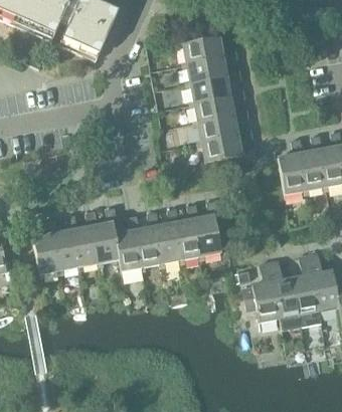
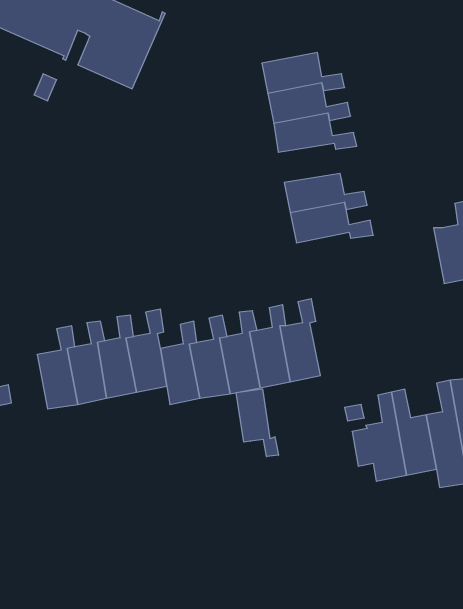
building: [193,96,248,123] -> none
building: [278,139,304,194] -> none
building: none -> [236,389,278,457]

